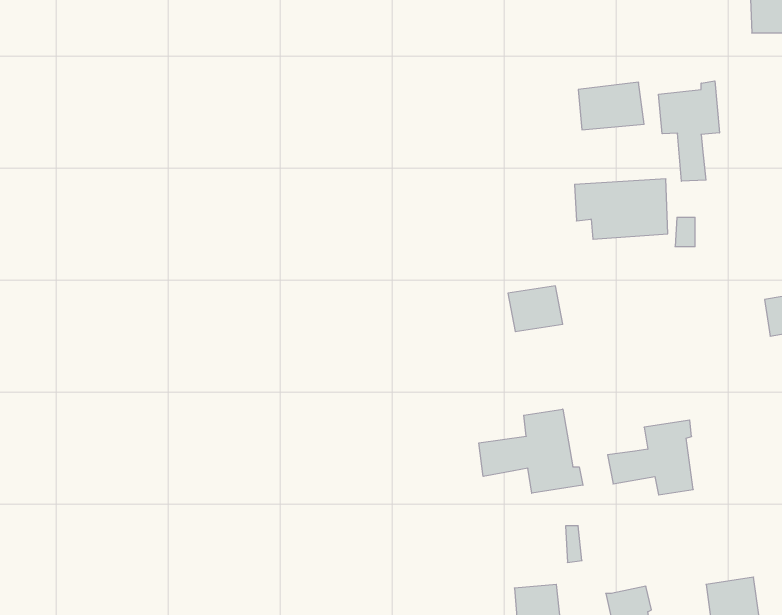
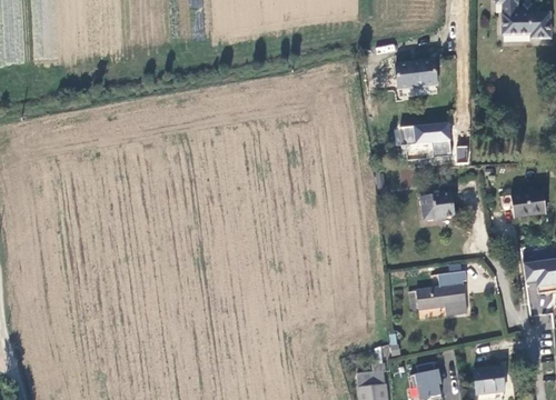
building: [659,81,719,181] -> none
building: [508,286,563,332] -> [420,192,454,220]
building: [479,409,583,493] -> none

